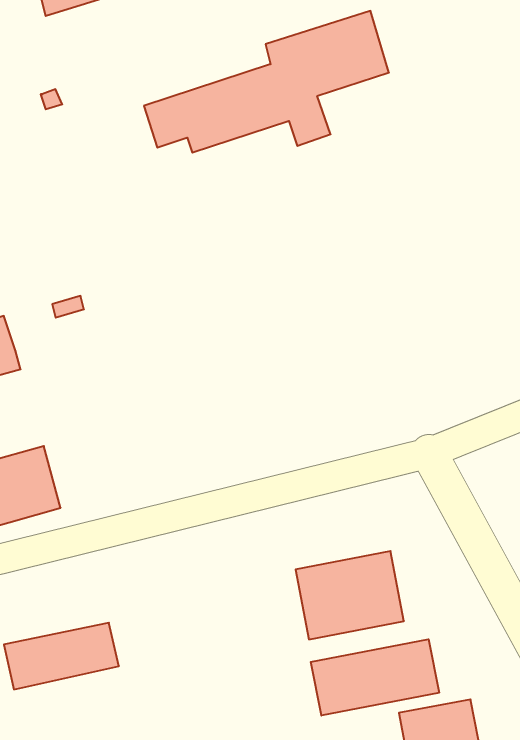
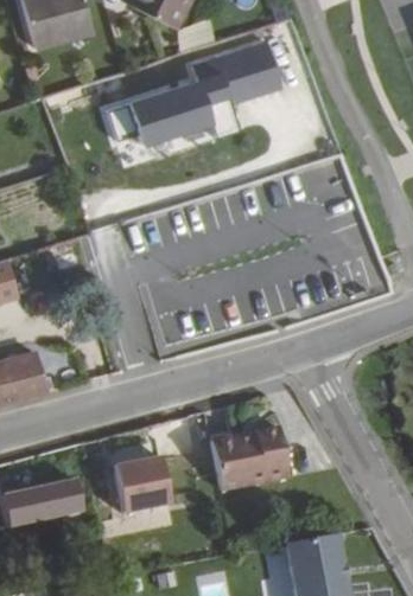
building: none -> [116,454,172,510]
building: [311,639,439,716] -> none

